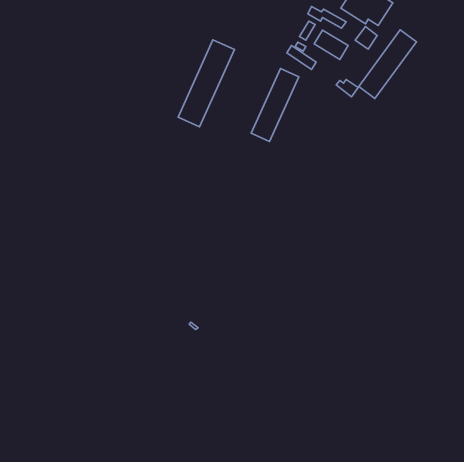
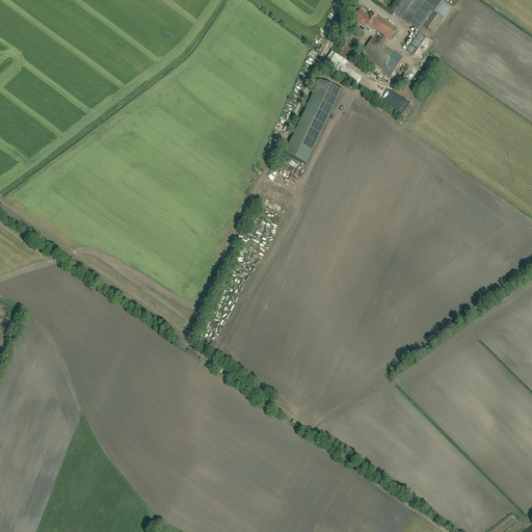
building: [359,30,417,99] -> none
building: [178,40,234,127] -> none

